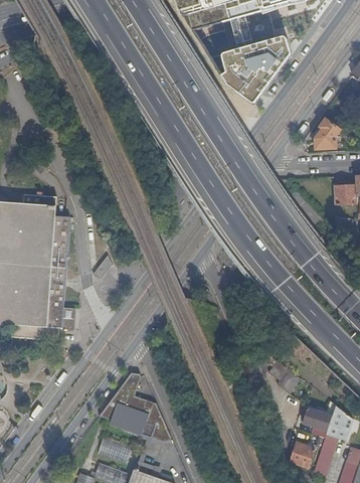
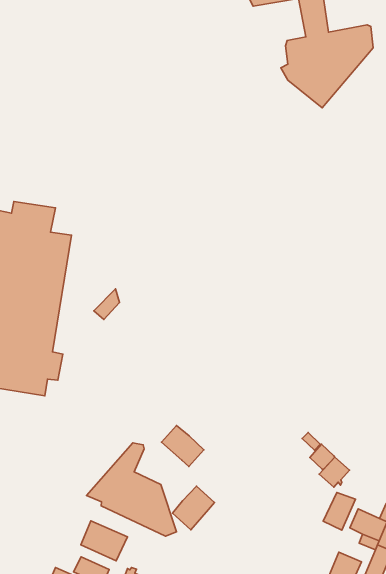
building: none -> [162,426,204,466]
building: none -> [323,492,356,530]
building: none -> [172,486,215,530]

